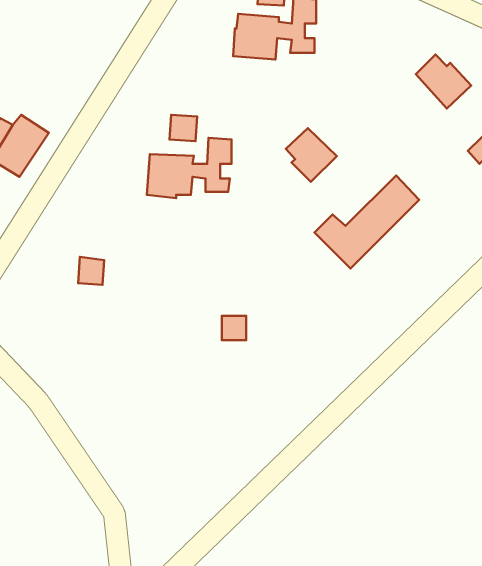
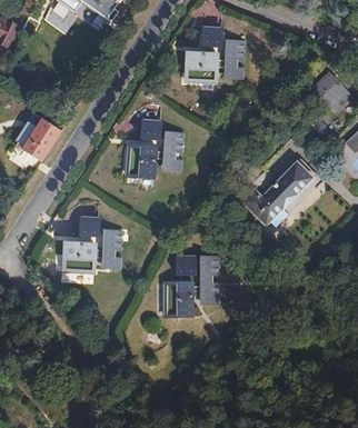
building: [286,128,337,182] -> none
building: none -> [62,230,121,272]
building: none -> [165,258,219,315]

